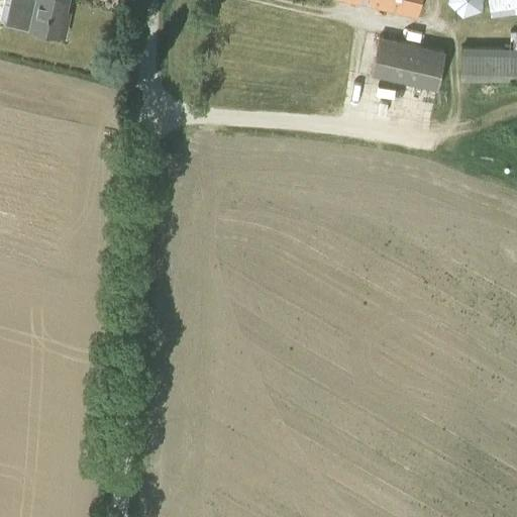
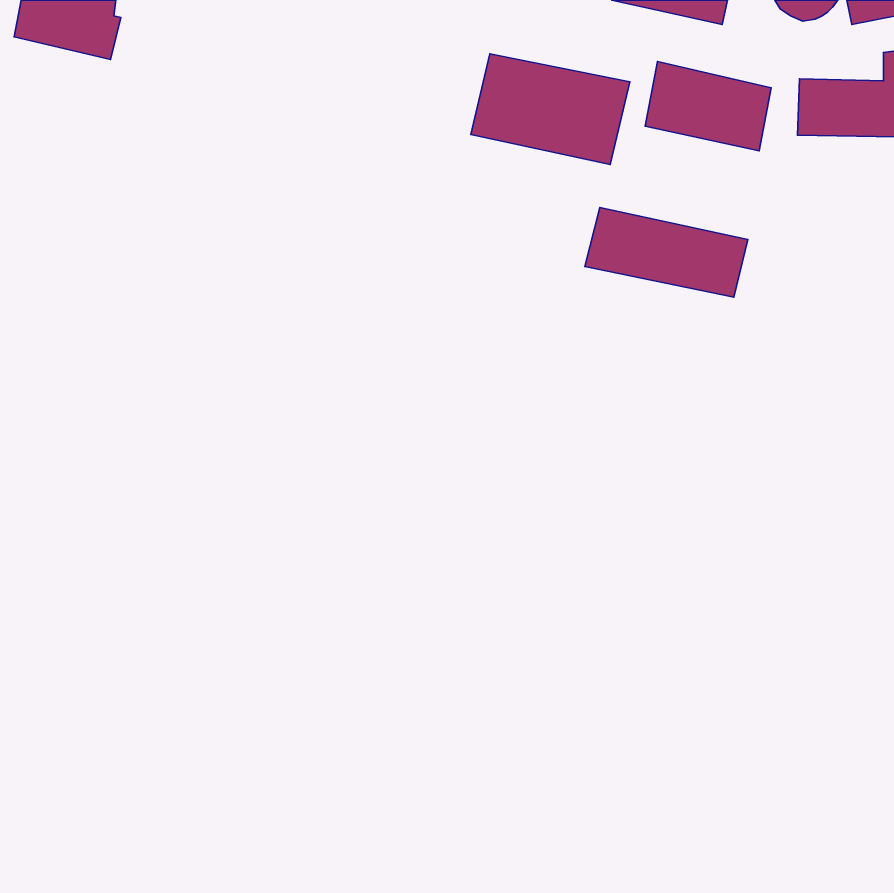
building: none -> [471,54,630,165]
building: none -> [585,208,748,297]

